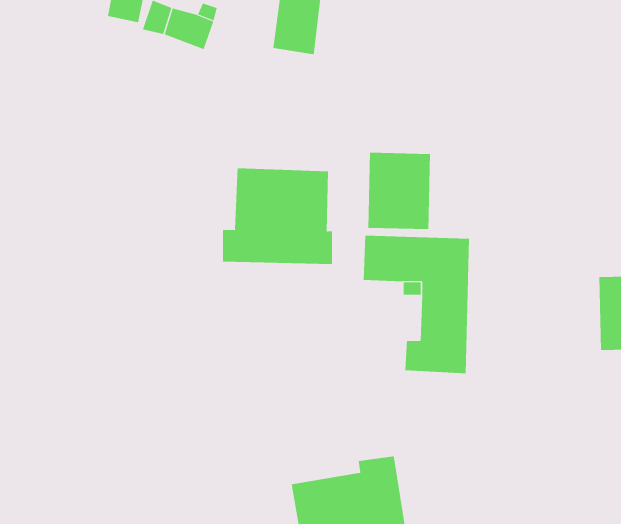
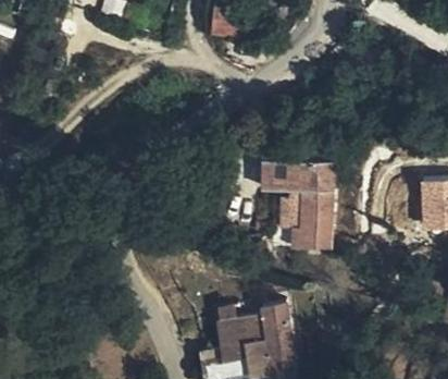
building: [368,152,431,230] -> none
building: [222,168,332,265] -> none

